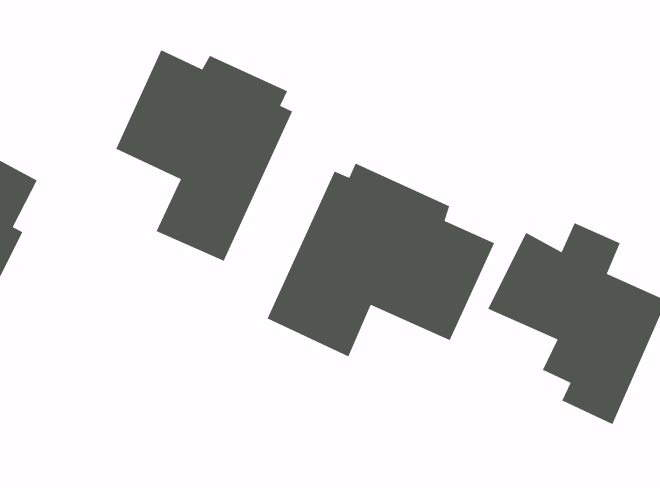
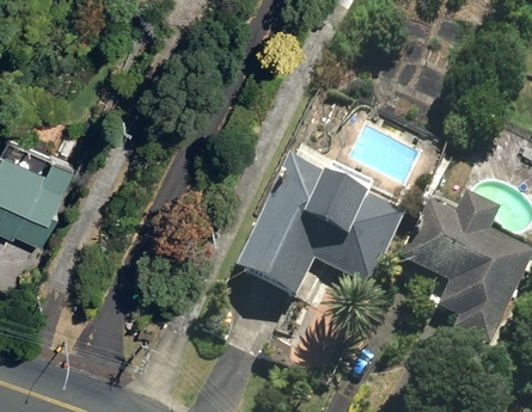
building: [115,49,293,262] -> none

